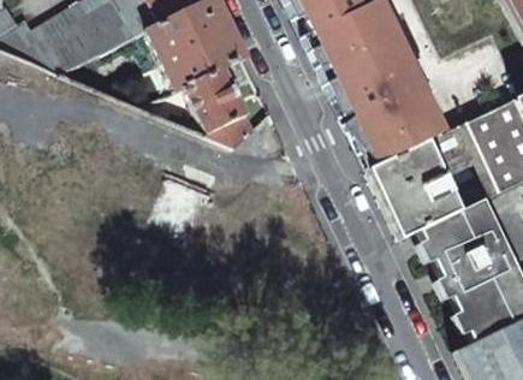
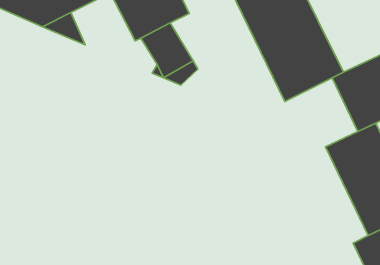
building: [372,137,464,234] -> none

